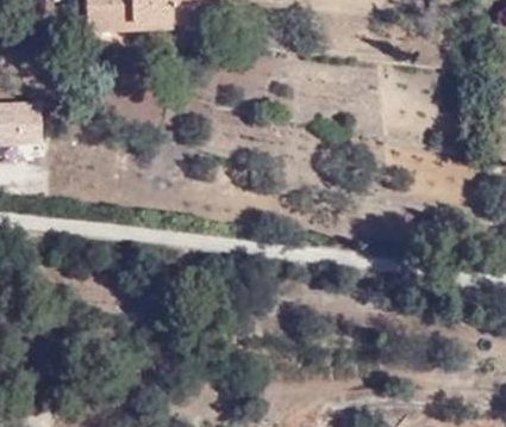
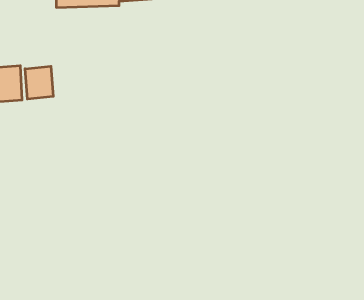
building: none -> [25,66,53,99]

